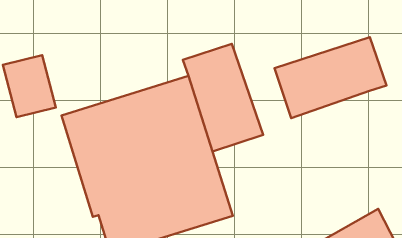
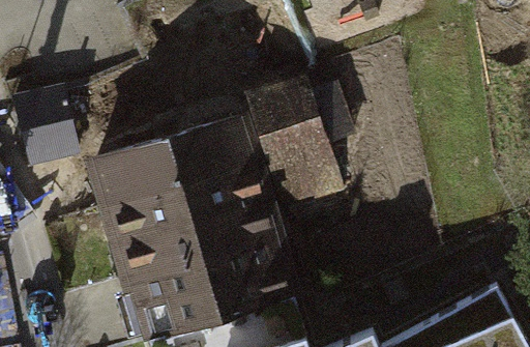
building: [274,37,386,118] -> none

